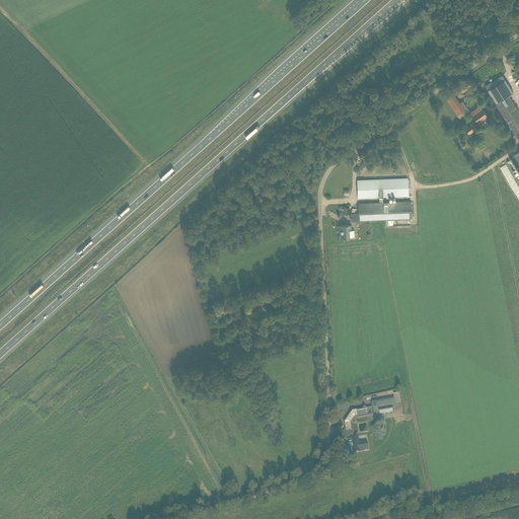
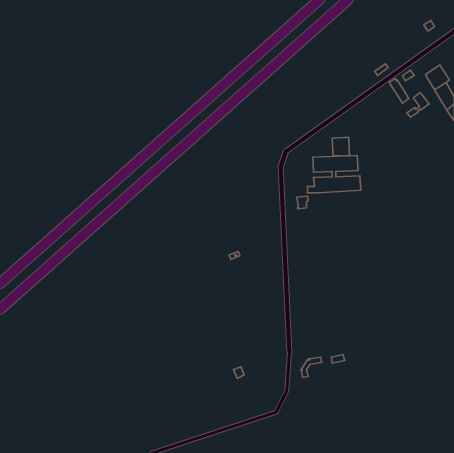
building: none -> [332,137,349,156]

